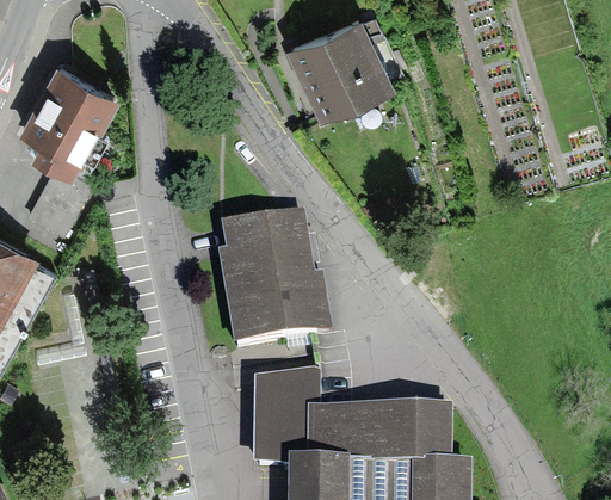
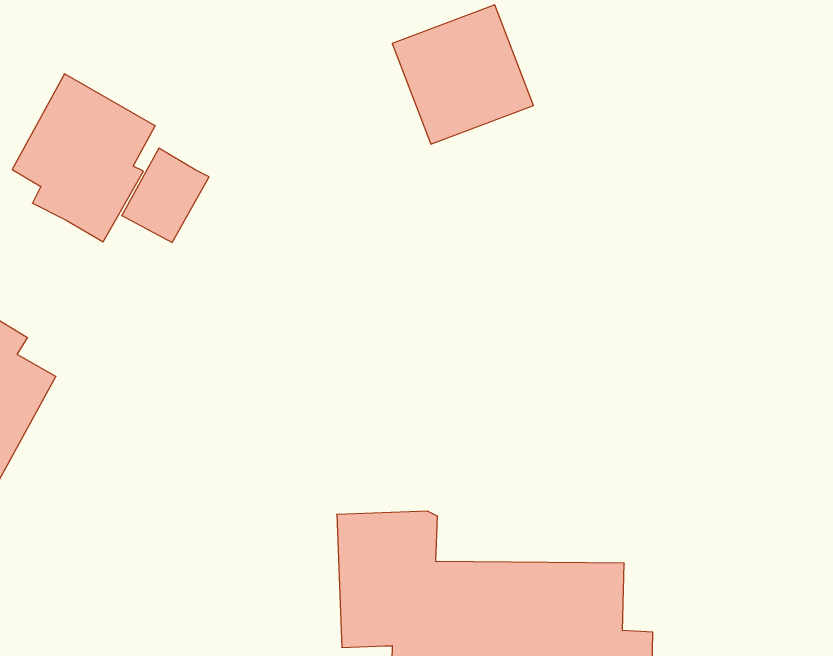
building: [30,165,92,232] -> [122,148,209,242]
building: [218,212,332,347] -> none

